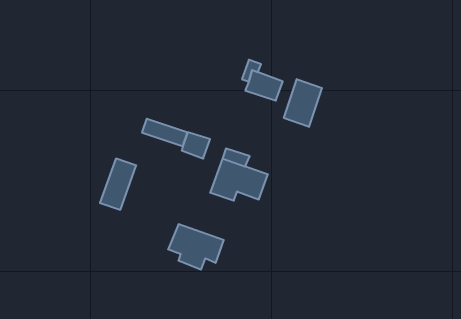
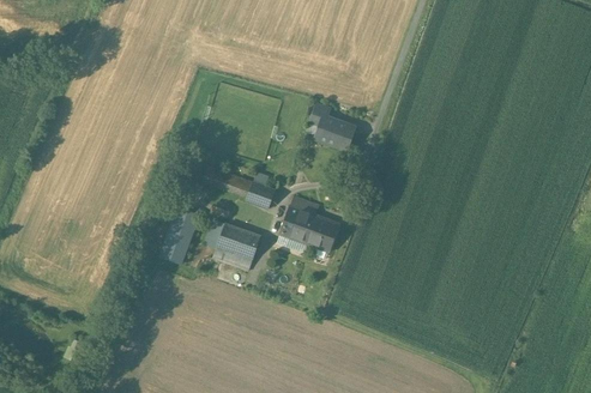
building: [284,79,322,127] -> none
building: [168,224,224,270] -> [204,218,263,266]

